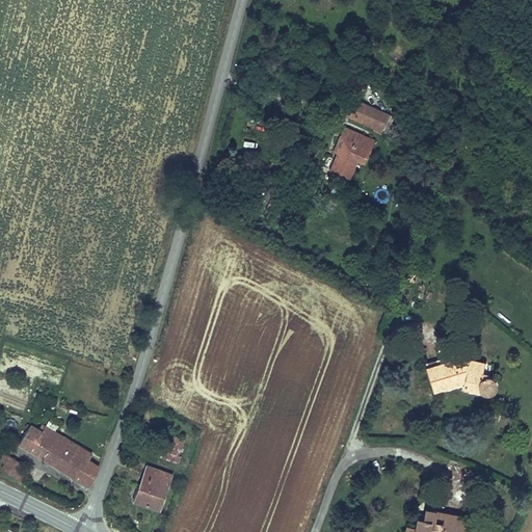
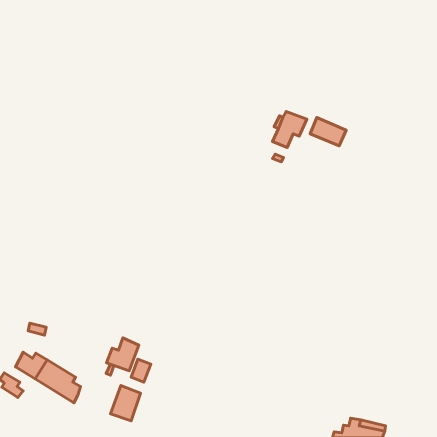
building: [348,99,392,133] -> [310,117,346,146]
building: [427,358,498,395] -> none
building: none -> [107,338,139,371]

